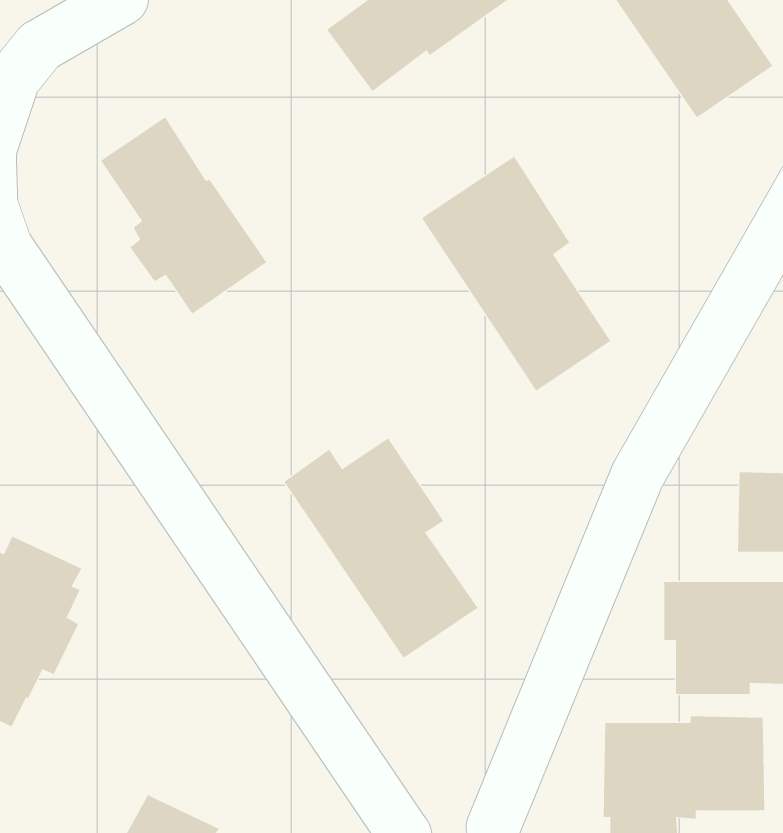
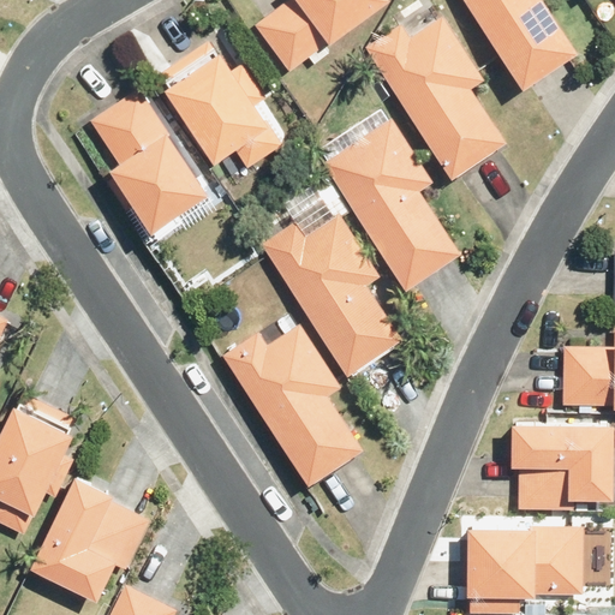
building: none -> [362,16,508,178]
building: none -> [157,41,281,169]
building: none -> [259,210,402,375]
building: none -> [30,478,147,601]

